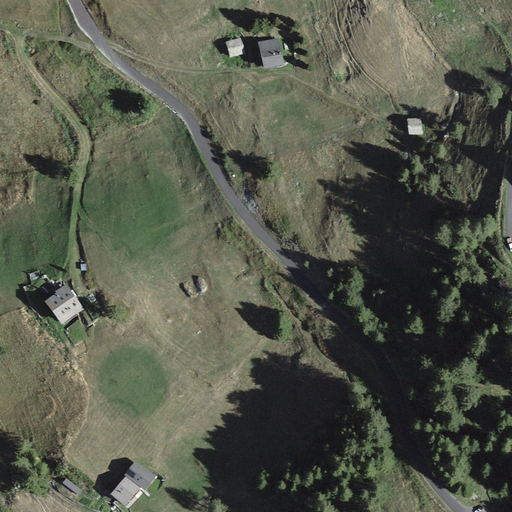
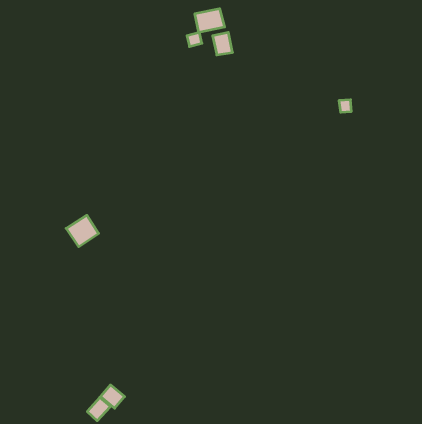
building: none -> [195,9,225,33]
building: [44,286,83,324] -> [66,215,99,247]

